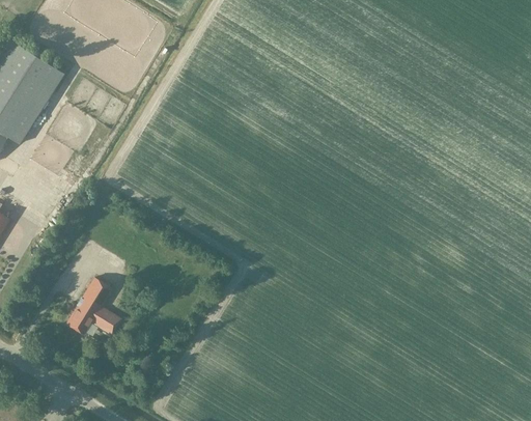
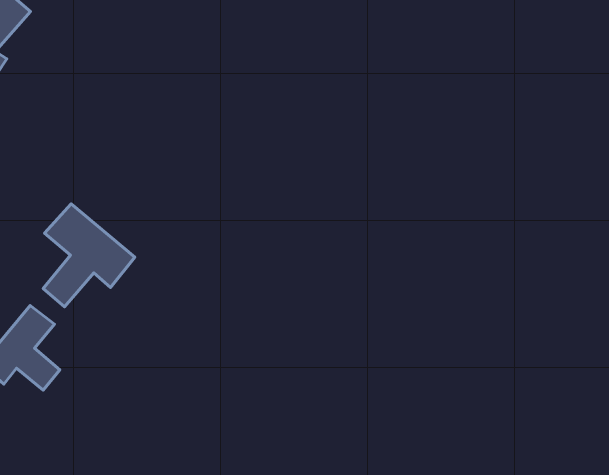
building: none -> [43,204,135,307]

